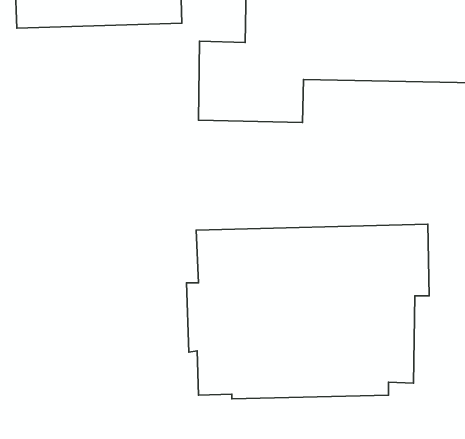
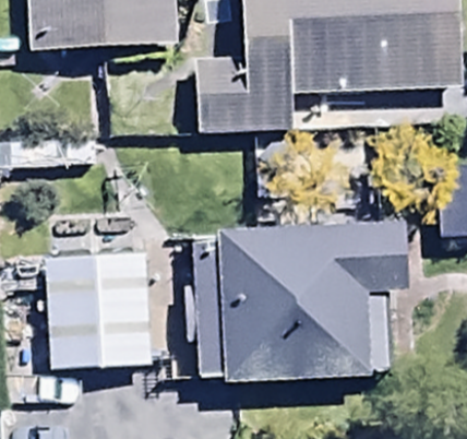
building: none -> [46,257,151,365]

